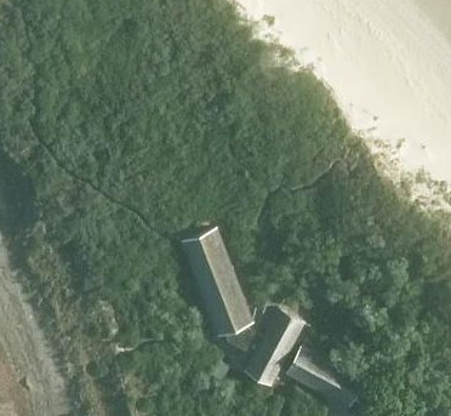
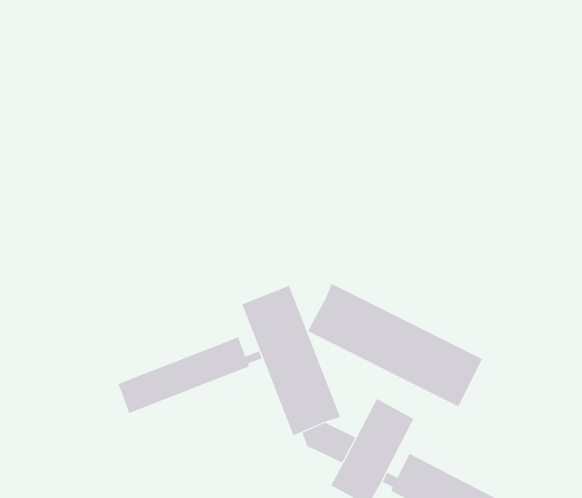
building: none -> [307,283,483,407]
building: none -> [118,336,262,414]

